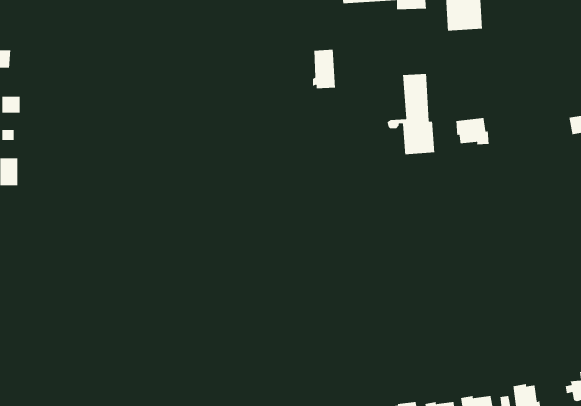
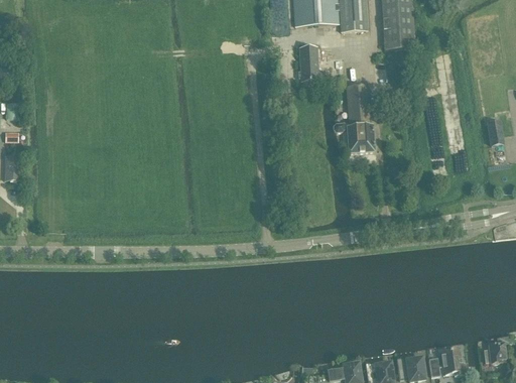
building: [312,49,336,89] -> [298,45,318,80]
building: [455,117,489,145] -> none

